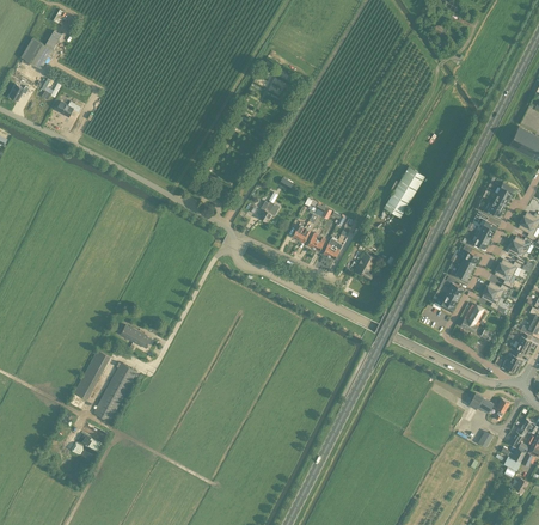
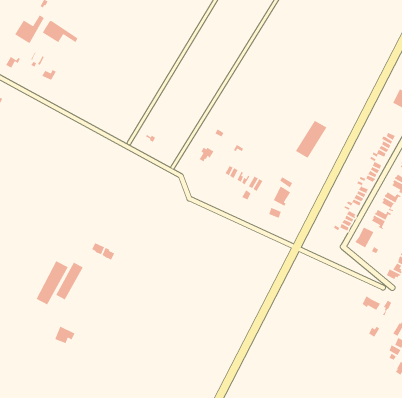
building: none -> [42,20,79,43]
building: [93,361,136,420] -> [36,260,69,306]

